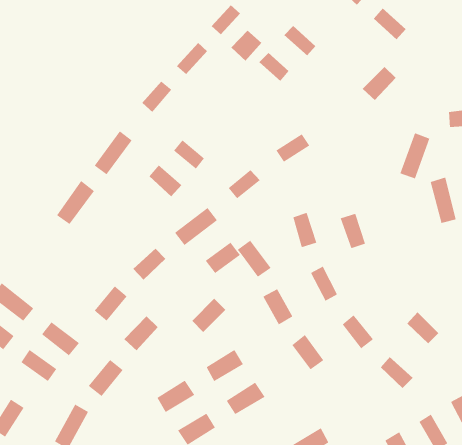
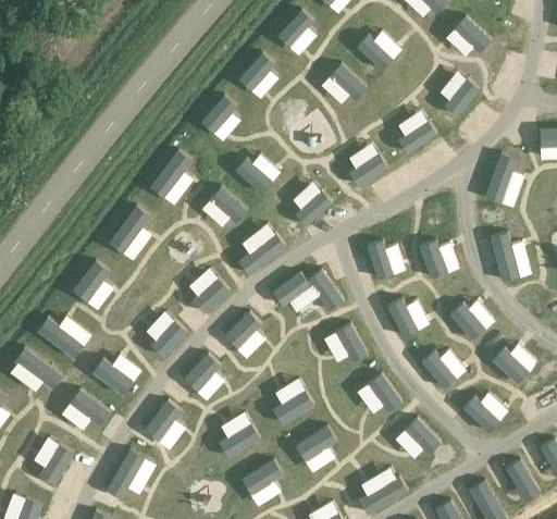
building: [231,30,262,61] -> none
building: none -> [397,120,436,152]
building: [430,177,457,224] -> [490,232,519,283]
building: none -> [71,261,109,302]
building: none -> [449,302,485,341]
building: [191,298,226,333] -> [223,311,261,349]
building: none -> [403,418,441,455]

